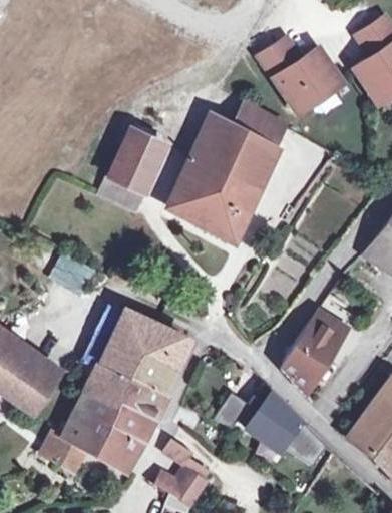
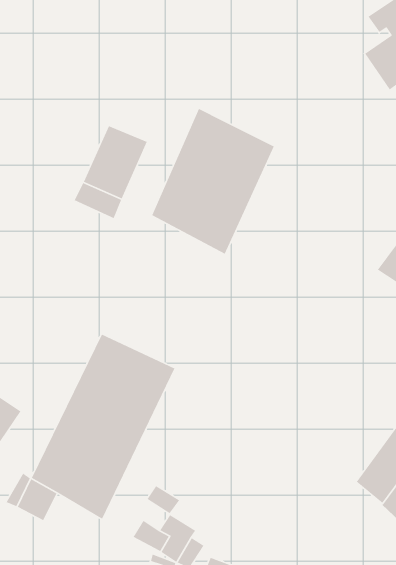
building: [259,38,337,108] -> none
building: [233,102,287,146] -> none
building: [285,297,356,391] -> none
building: [216,393,326,465] -> none

